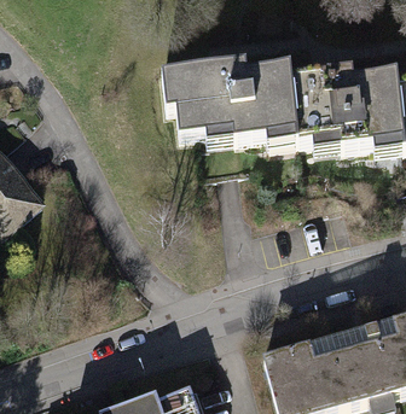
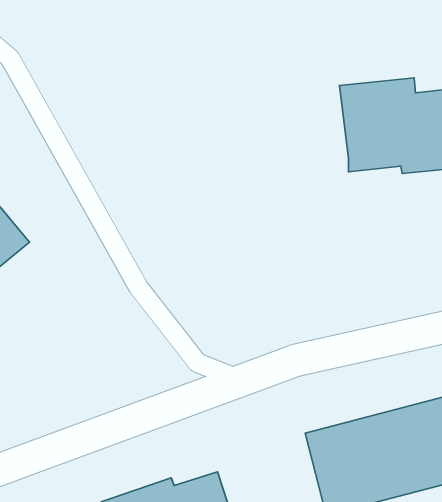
building: [166,60,298,140] -> none

